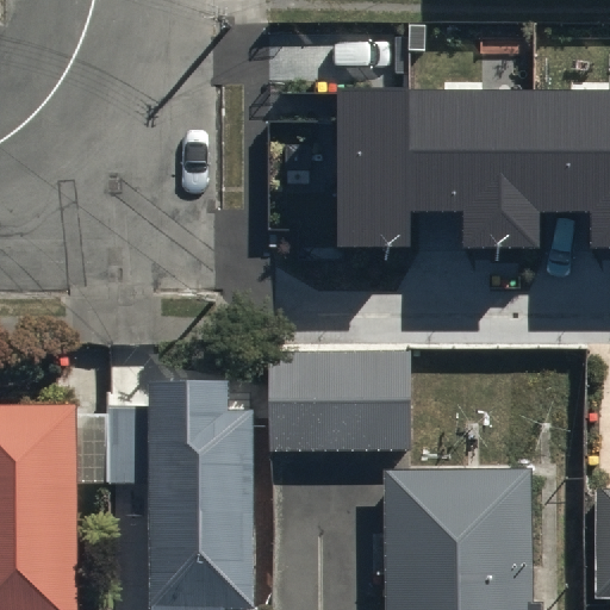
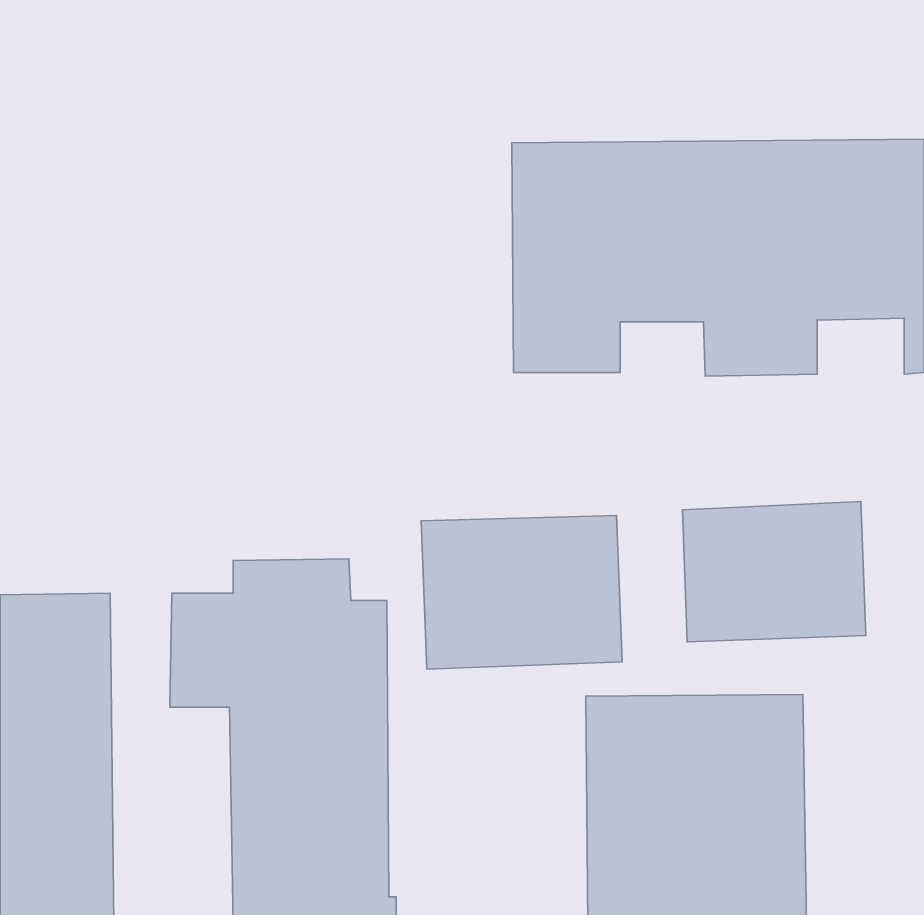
building: none -> [682,502,866,642]

